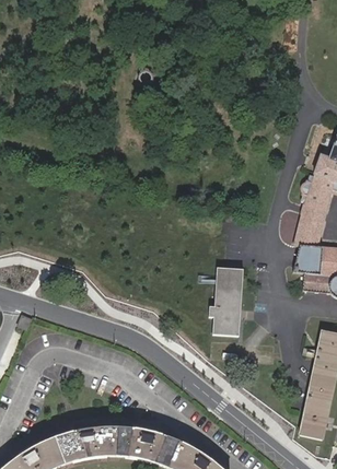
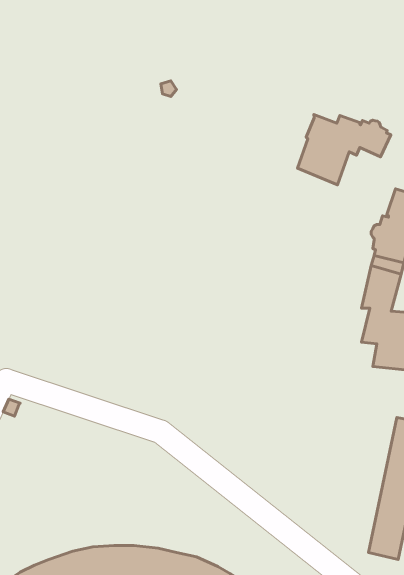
building: none -> [297,115,391,185]
building: [209,268,244,336] -> none

